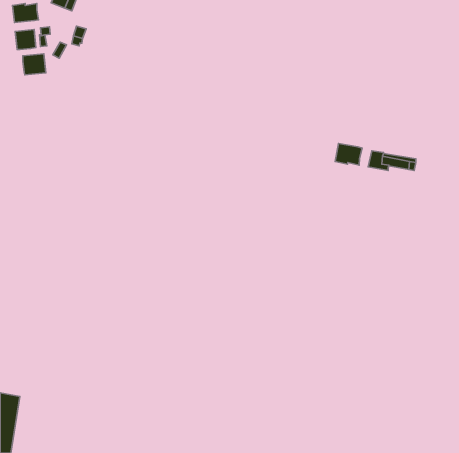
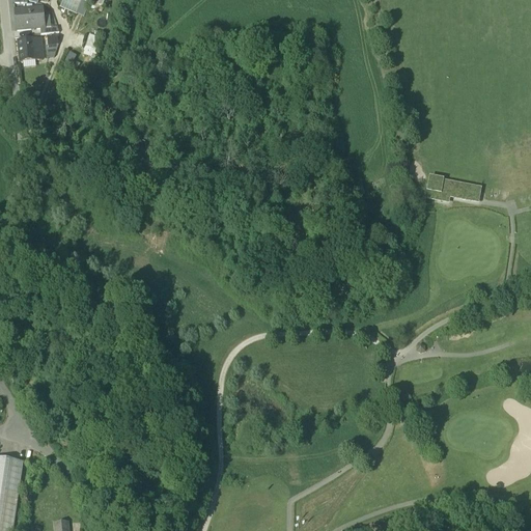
building: [23,54,46,75] -> none
building: [335,144,362,165] -> none

